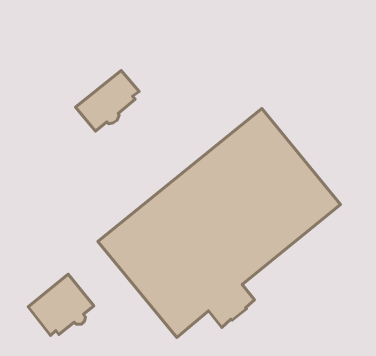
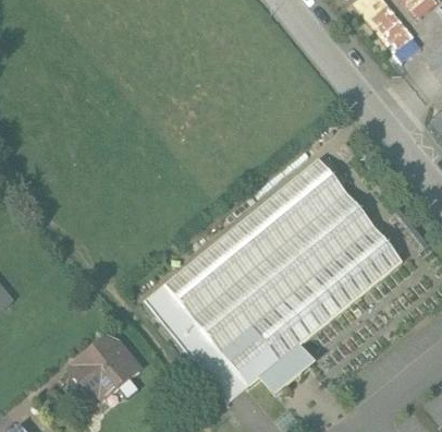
building: [76,70,139,131] -> none

